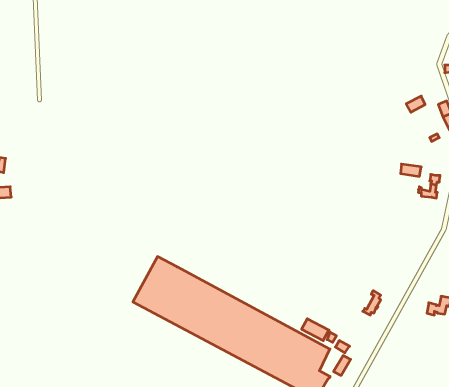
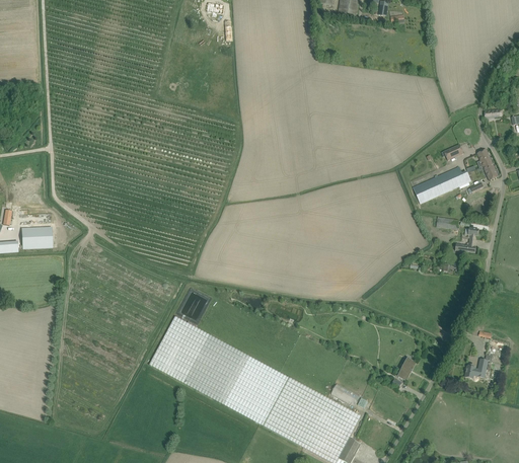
building: none -> [413,165,470,203]
building: none -> [21,226,52,248]

